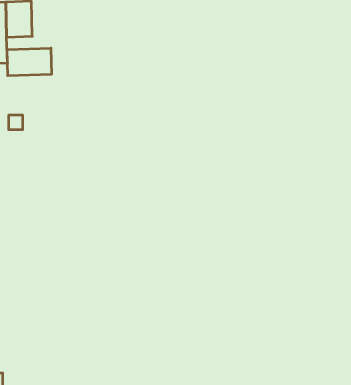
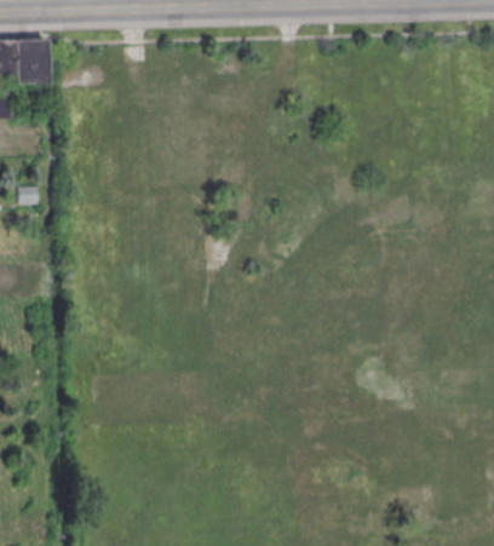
building: [7,48,51,76] -> none

